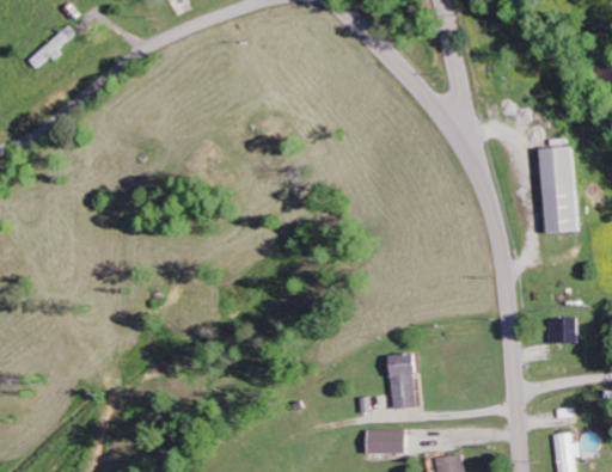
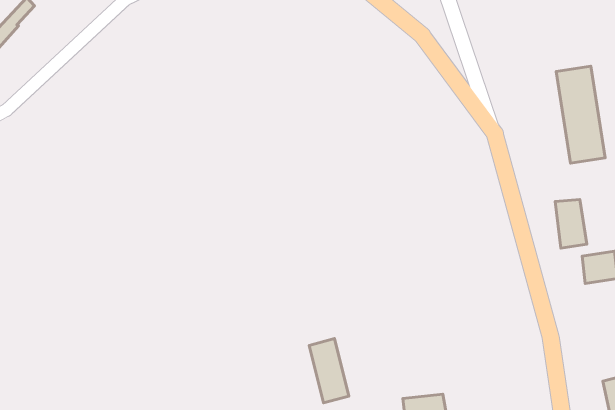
building: none -> [555,199,587,248]
building: [387,353,418,410] -> [309,339,349,403]

